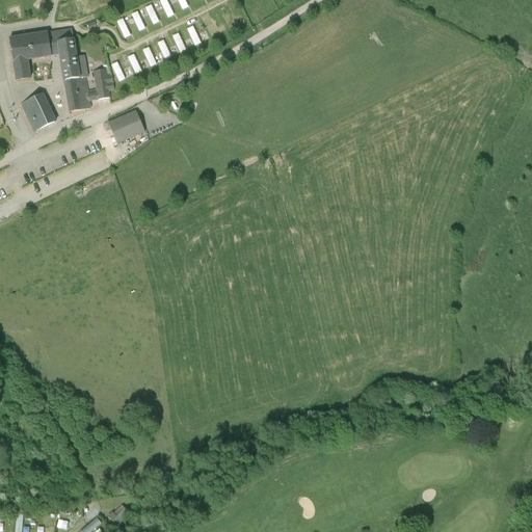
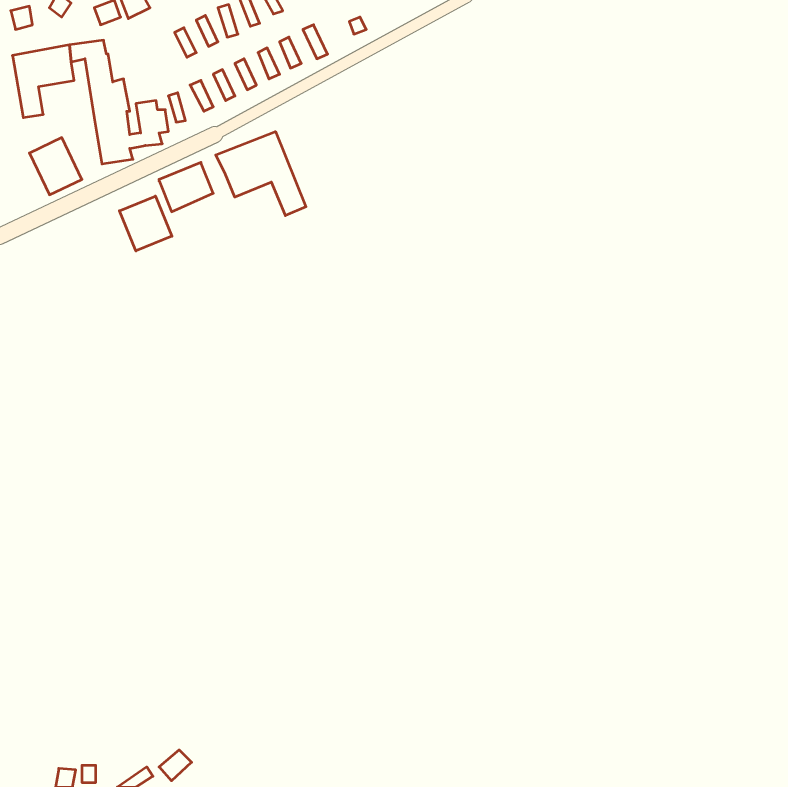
building: none -> [216,132,306,216]
building: none -> [119,196,172,251]

